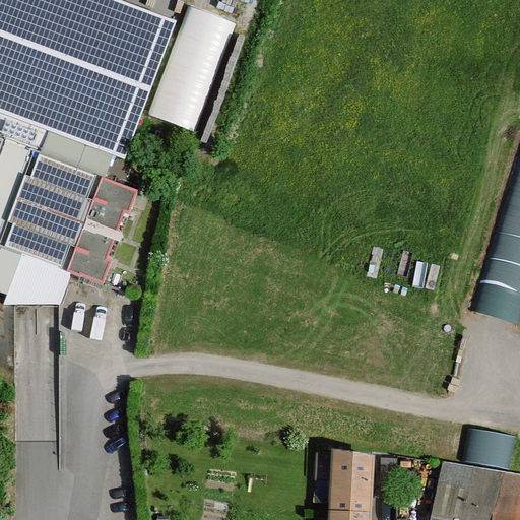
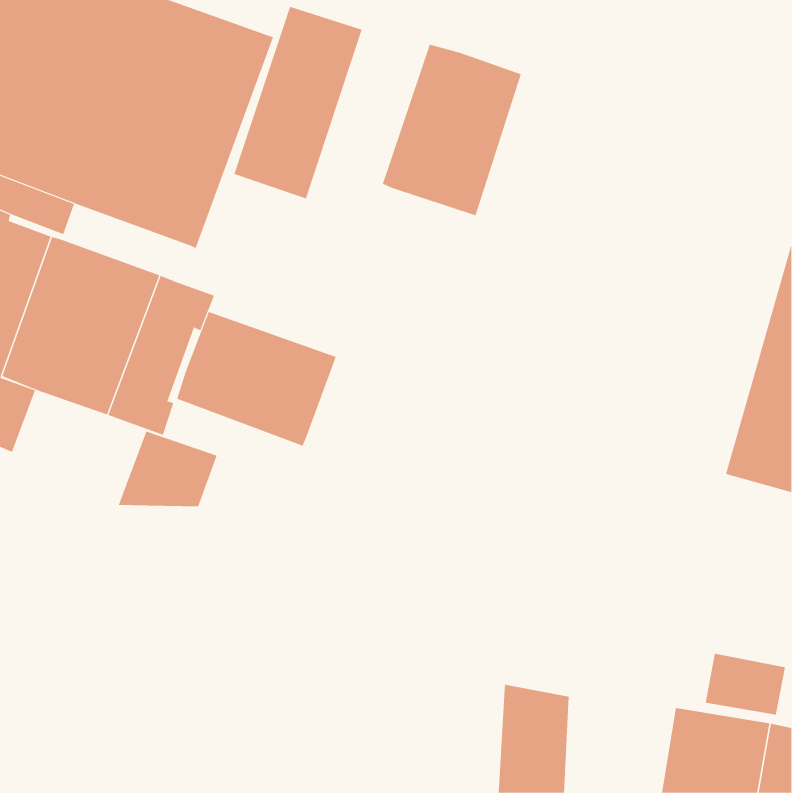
building: none -> [382,44,521,216]
building: [41,133,124,184] -> none
building: none -> [177,311,336,446]
building: [5,255,70,305] -> [118,431,218,507]

